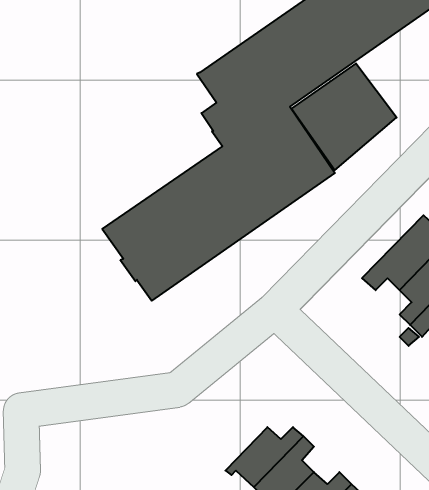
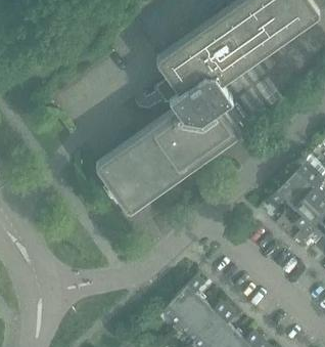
building: none -> [161,276,203,331]

